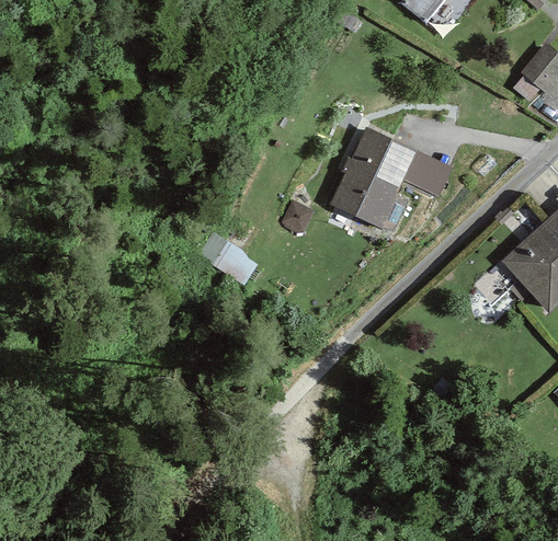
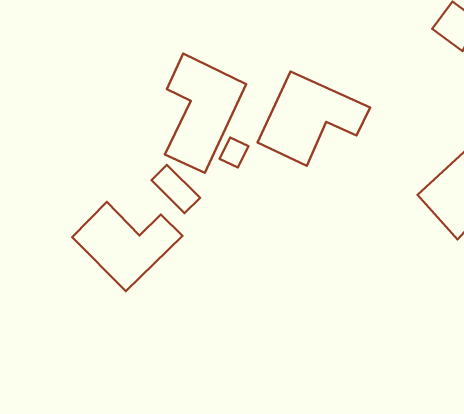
building: none -> [165,53,246,173]
building: none -> [72,202,183,291]

